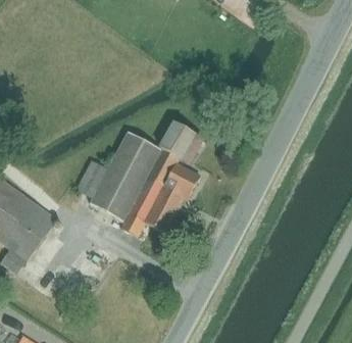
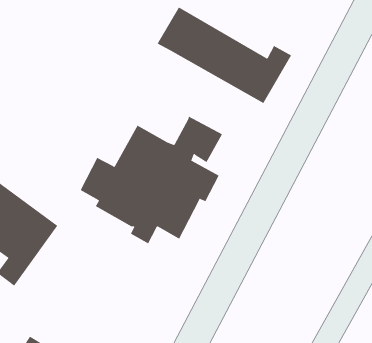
building: none -> [157,7,292,104]

